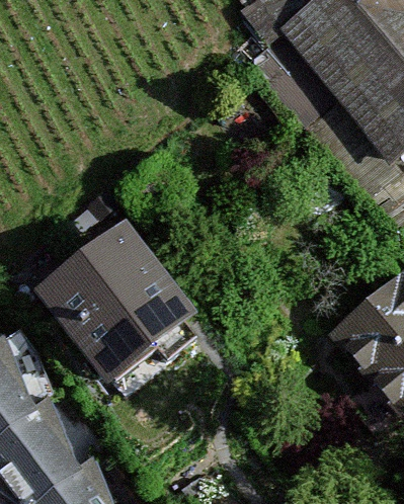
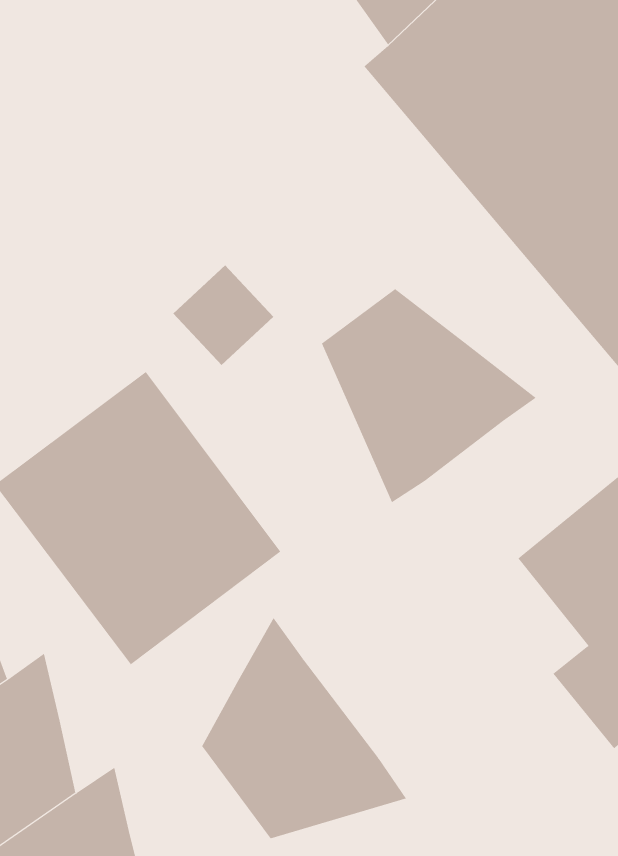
building: none -> [321,288,537,503]
building: none -> [201,617,407,839]

